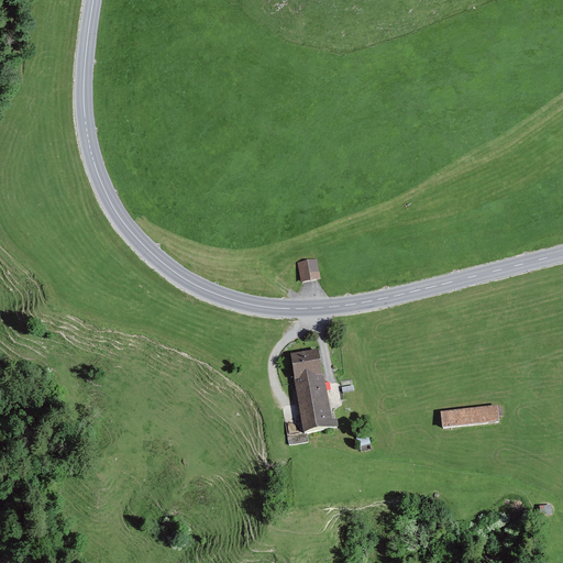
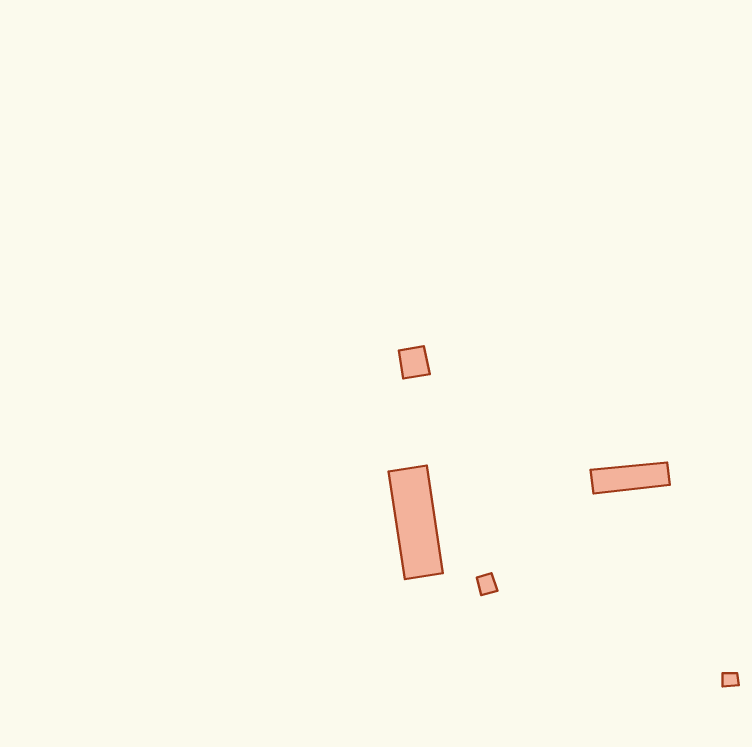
building: [441,405,500,428] -> [591,463,670,494]

